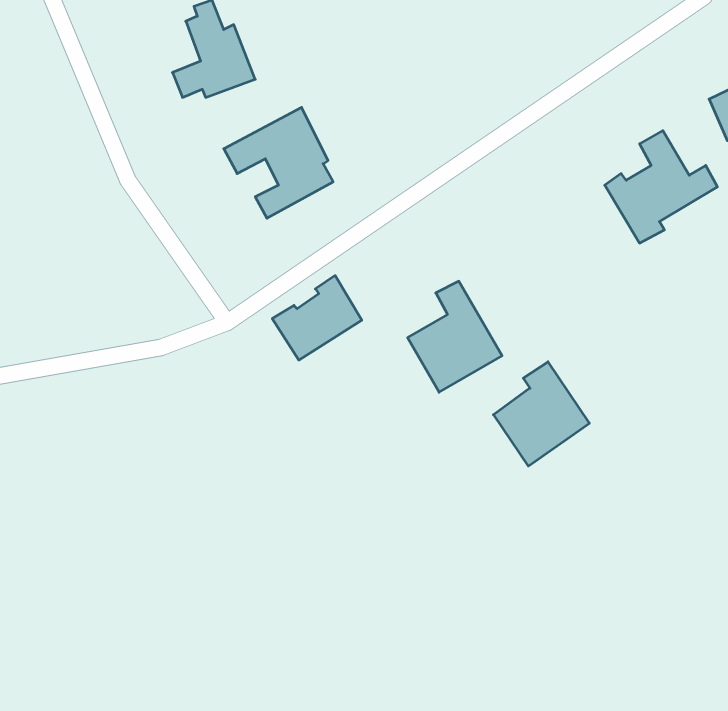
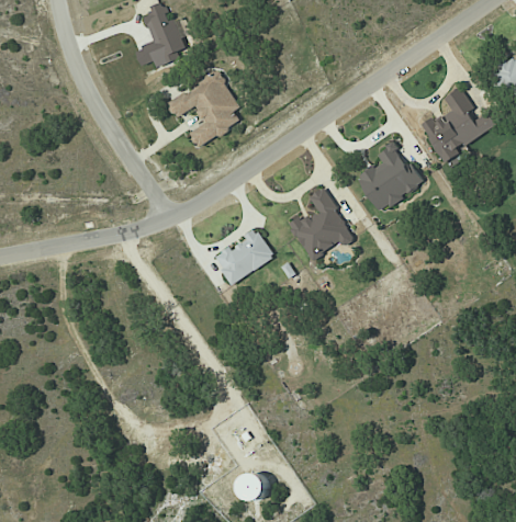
building: [272,276,362,360] -> [214,227,273,283]
building: [493,362,589,466] -> [357,143,420,212]

